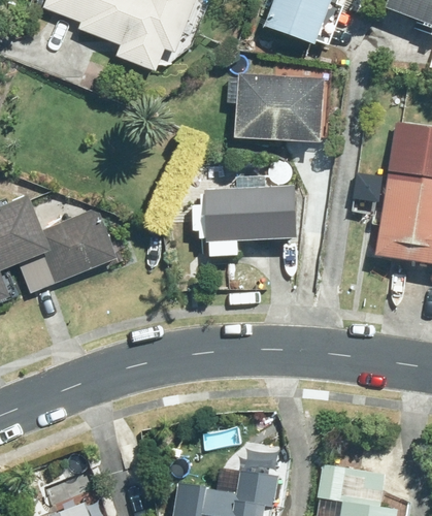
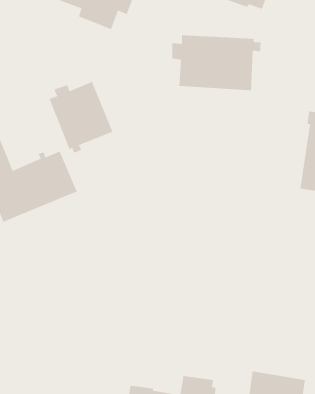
building: none -> [49,81,113,154]
building: [191,175,297,255] -> none

